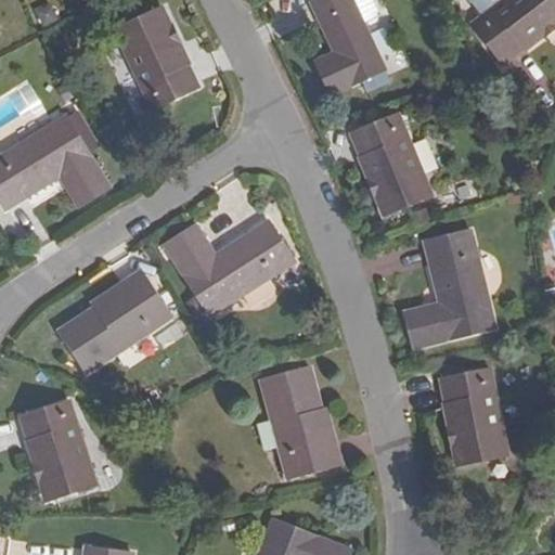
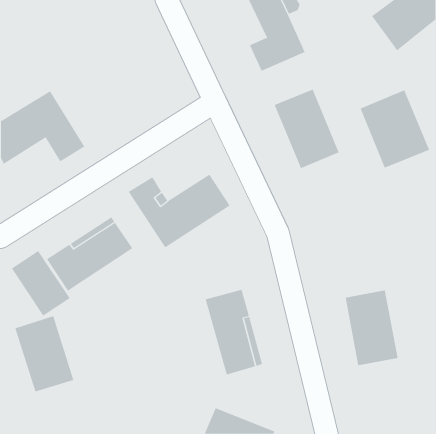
building: [114,5,199,107] -> none
building: none -> [360,89,430,168]
building: [404,230,494,347] -> none
building: none -> [11,250,70,317]

